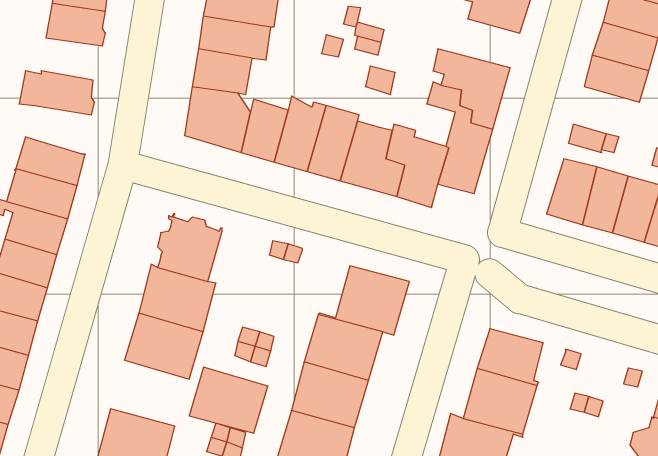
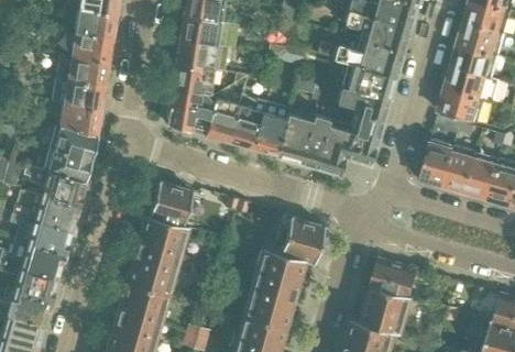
building: none -> [332,42,401,76]
building: none -> [55,54,109,85]
building: none -> [439,89,484,122]
building: none -> [58,102,101,136]
building: [189,367,268,433] -> [114,280,169,327]

